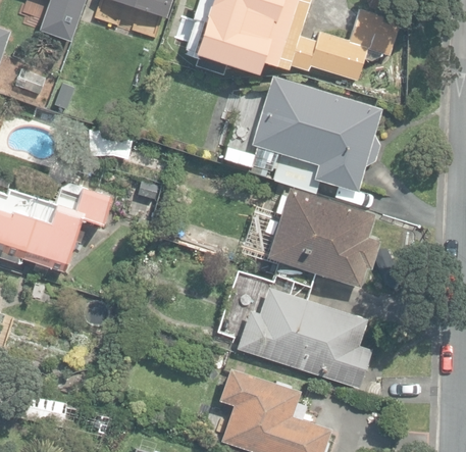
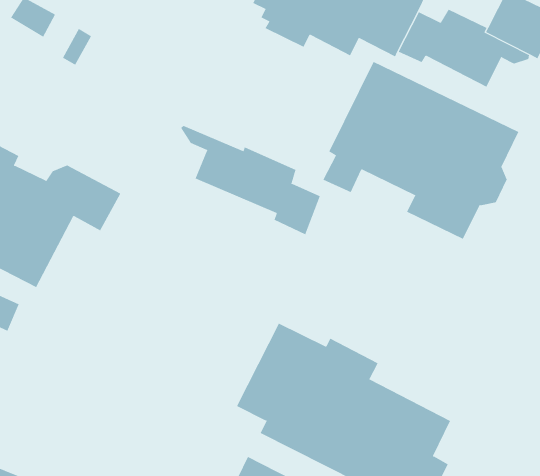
building: none -> [181,125,321,235]
building: [256,190,379,284] -> none

